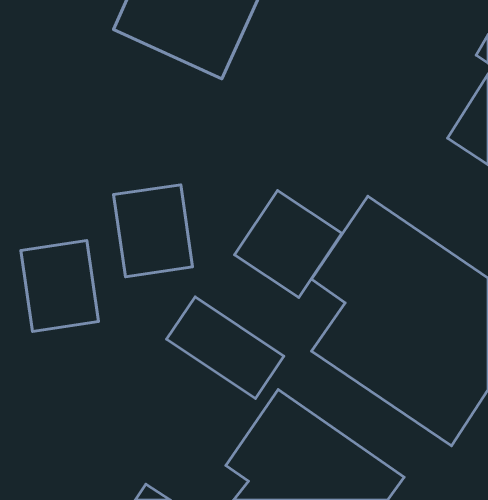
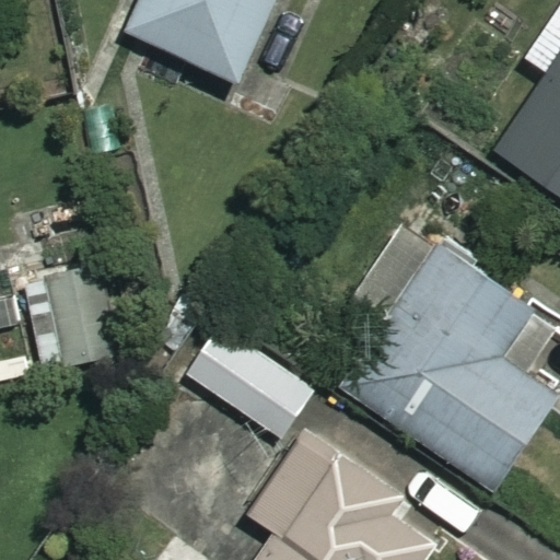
building: [114,185,193,277] -> none
building: [235,190,342,298] -> none

